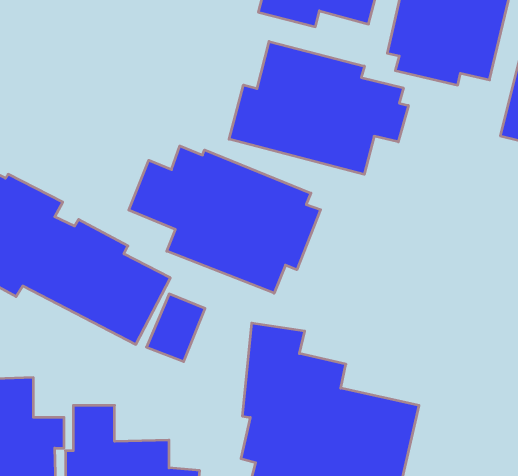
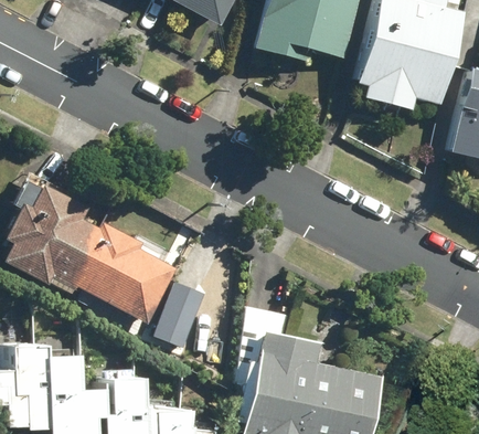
building: [229,41,408,174] -> none
building: [129,146,321,293] -> none

